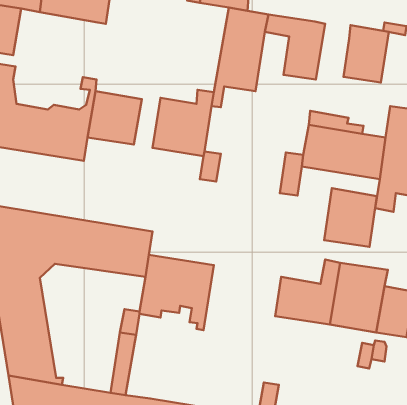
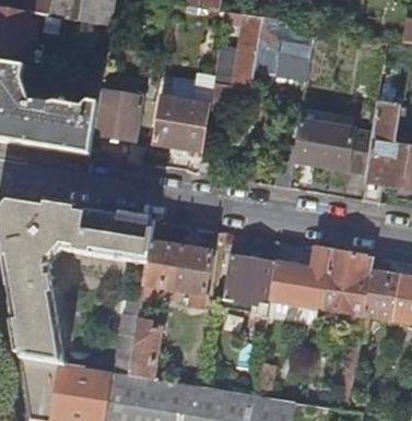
building: [343,25,389,82] -> none
building: [324,188,377,247] -> none
building: none -> [224,255,274,315]
building: none -> [128,324,160,377]

